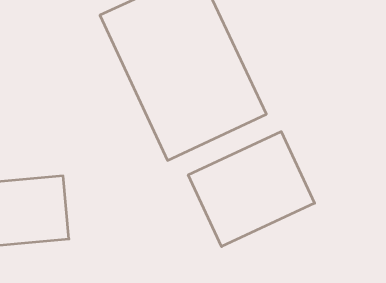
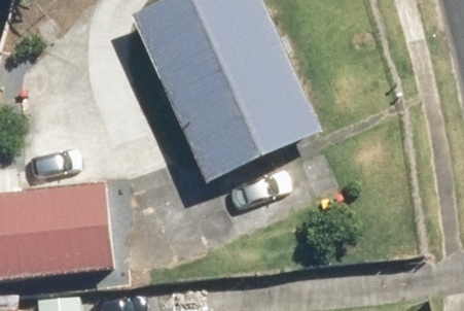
building: [188,132,315,247] -> none

